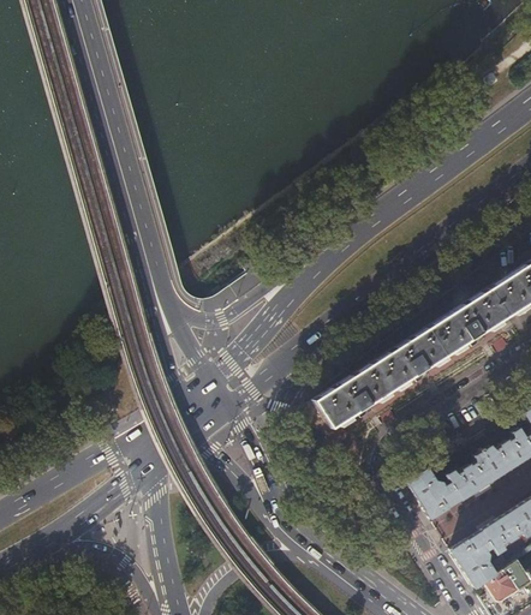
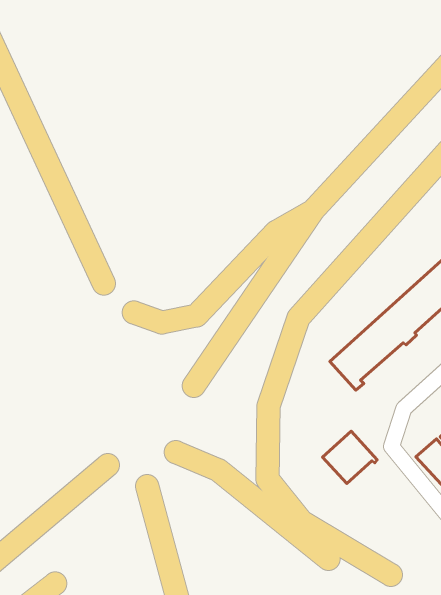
building: [314,383,363,430] -> [322,431,377,484]

